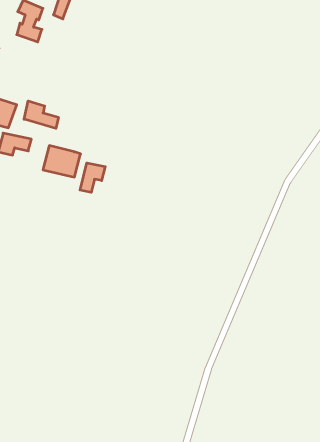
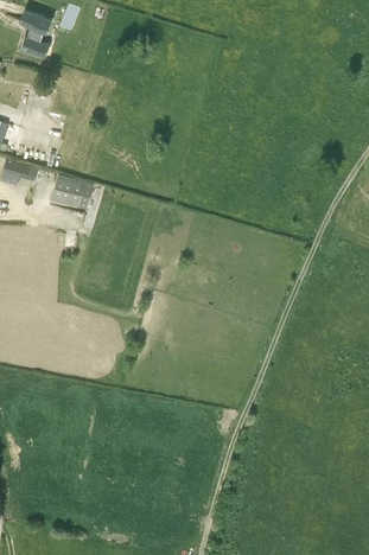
building: [24,101,58,128] -> none
building: [80,163,105,192] -> none

